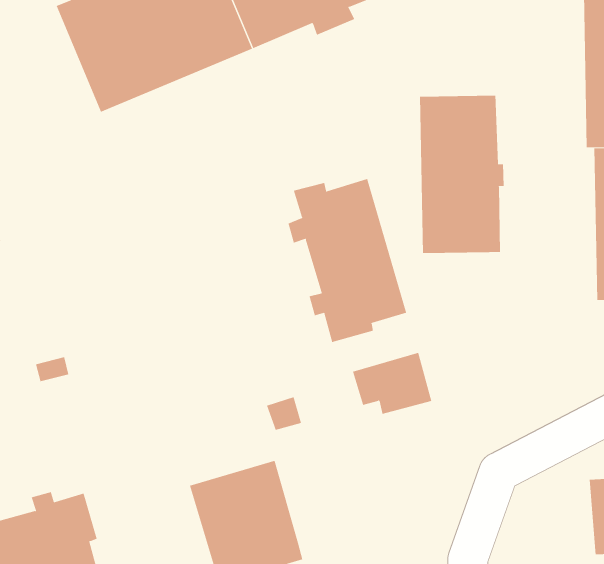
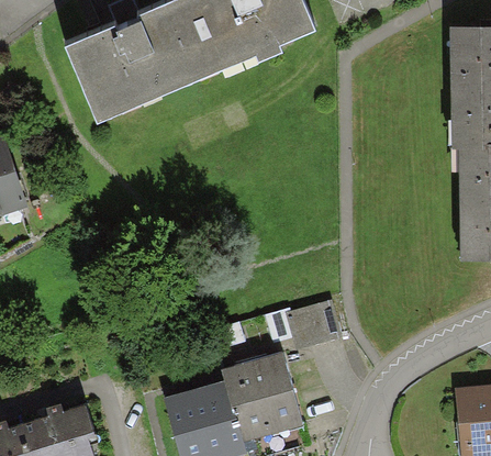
building: [419,95,504,254] -> none
building: [288,178,407,343] -> none
building: none -> [222,351,302,440]

